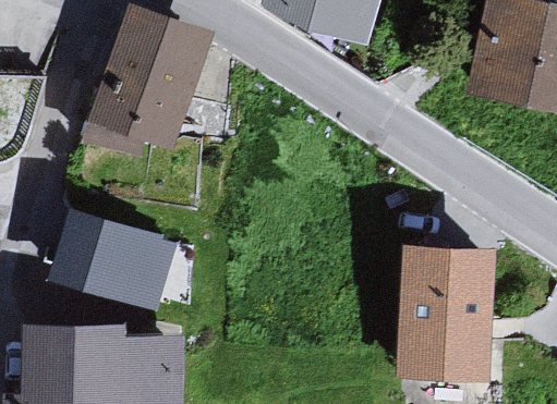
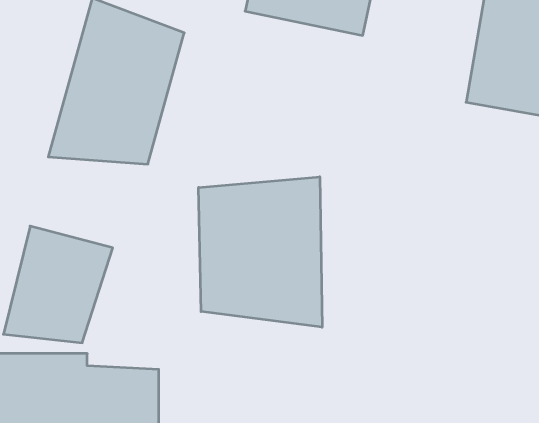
building: none -> [199,177,322,327]
building: [391,246,488,379] -> none

